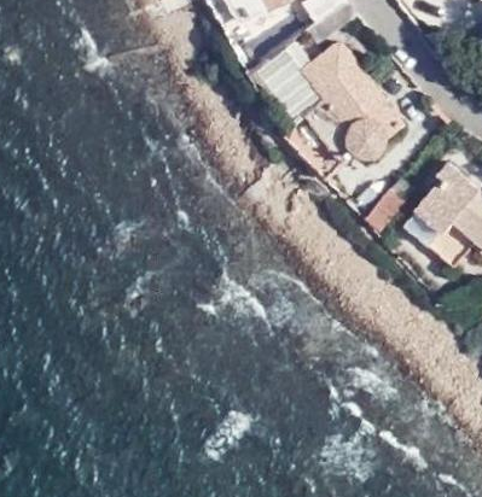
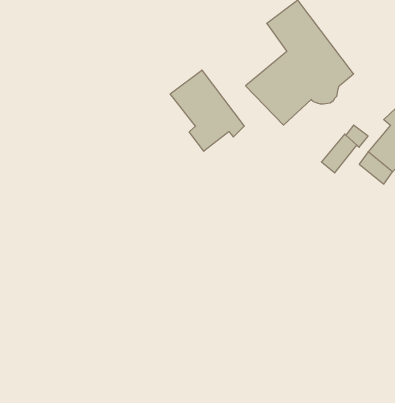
building: none -> [170,70,244,151]

